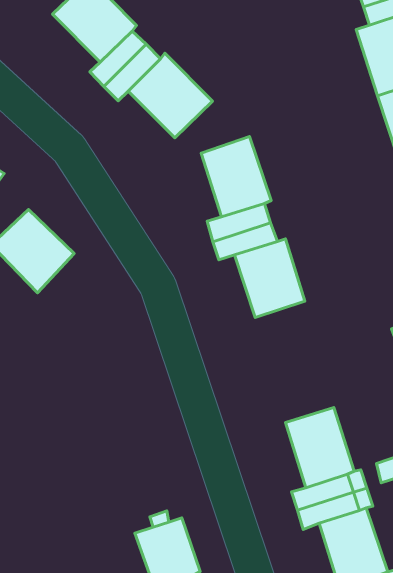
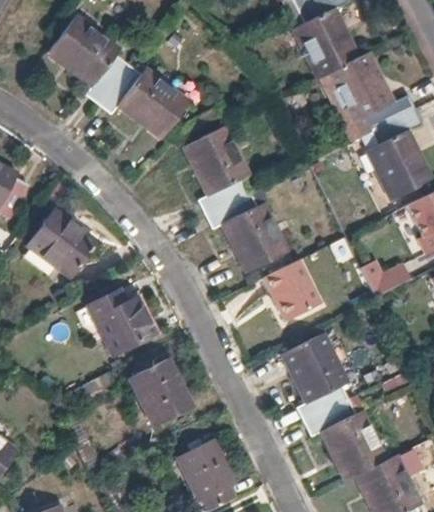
building: none -> [263,258,321,321]
building: none -> [87,290,154,356]
building: none -> [130,359,192,428]

